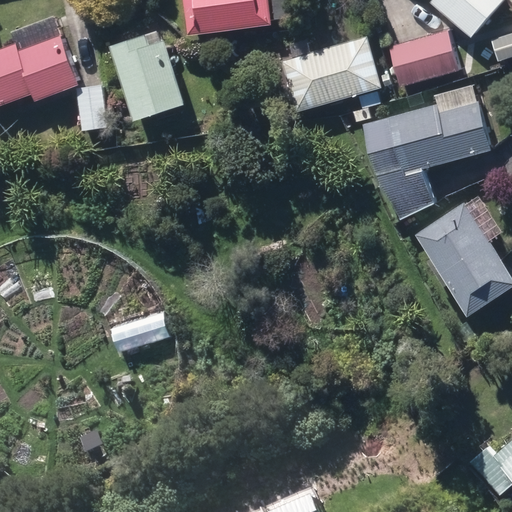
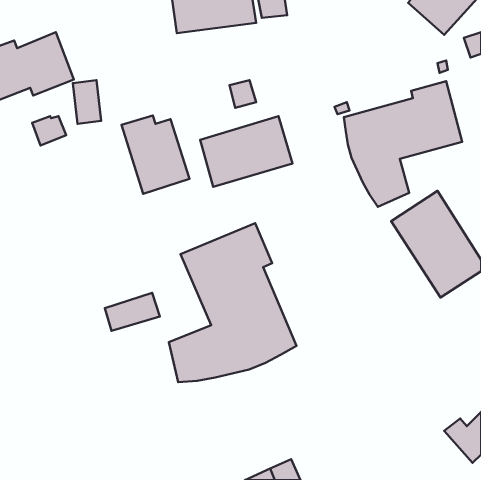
building: [389,31,458,86] -> none
building: [111,37,183,120] -> [122,115,190,194]
building: [283,37,381,112] -> [200,116,293,187]
building: none -> [169,223,297,382]

